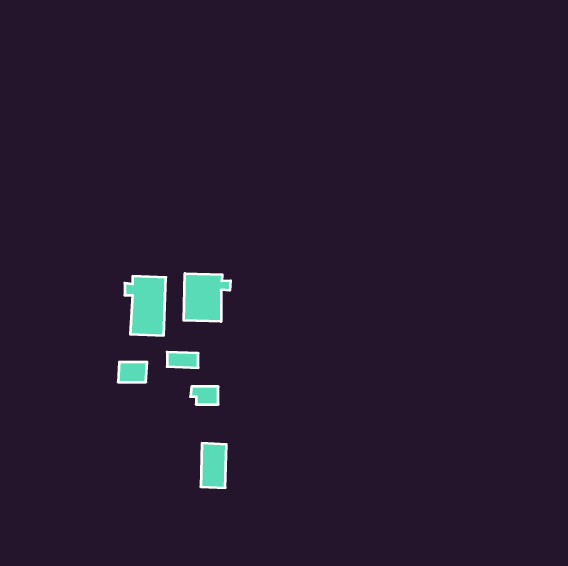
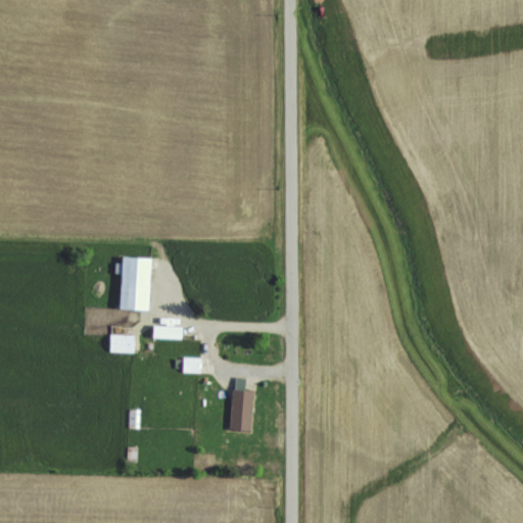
building: [184,273,231,322] -> none
building: [201,443,226,488] -> [230,390,253,431]

